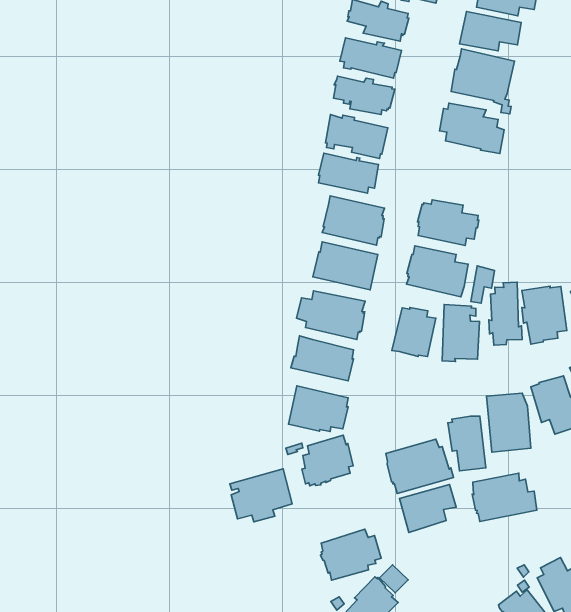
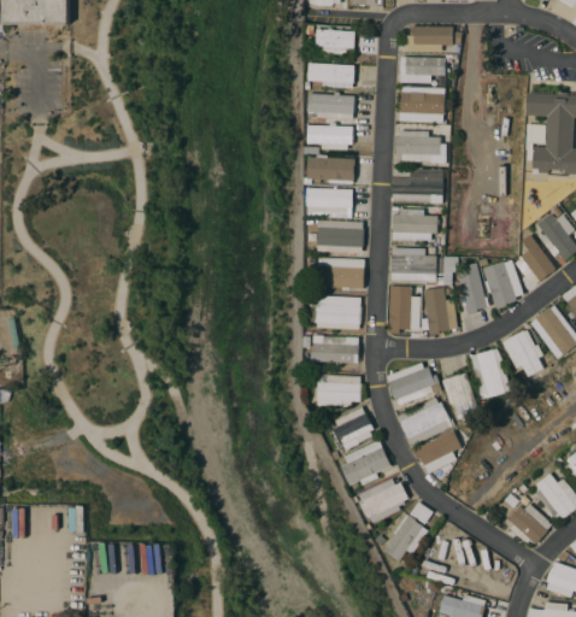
building: none -> [393,169,442,202]
building: [230,469,292,522] -> [339,439,390,484]
building: [472,473,537,522] -> [387,362,441,405]

